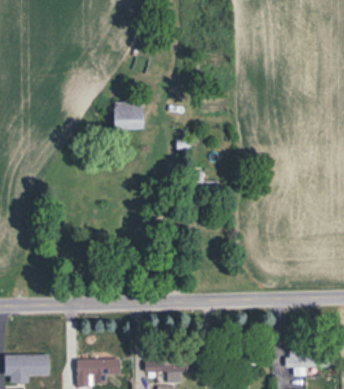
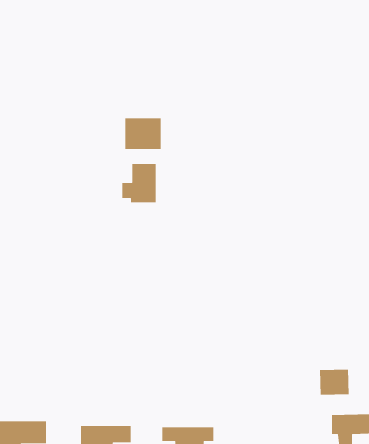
building: none -> [121,163,157,203]
building: none -> [319,369,349,396]

